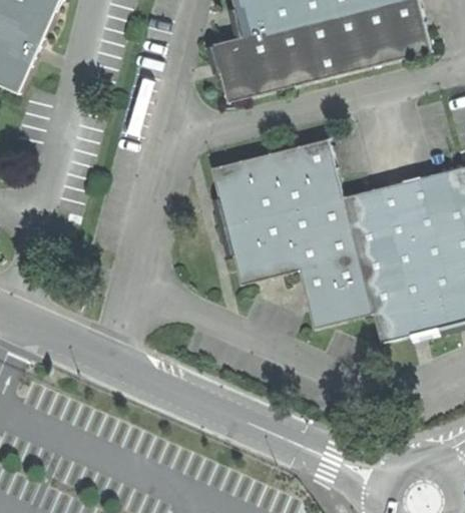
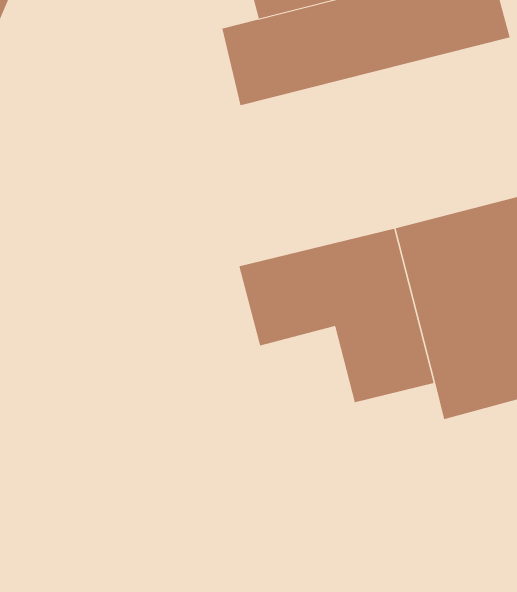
building: [212,136,346,223] -> none

